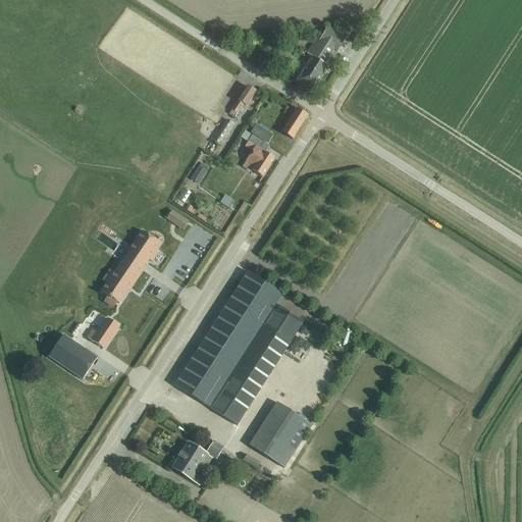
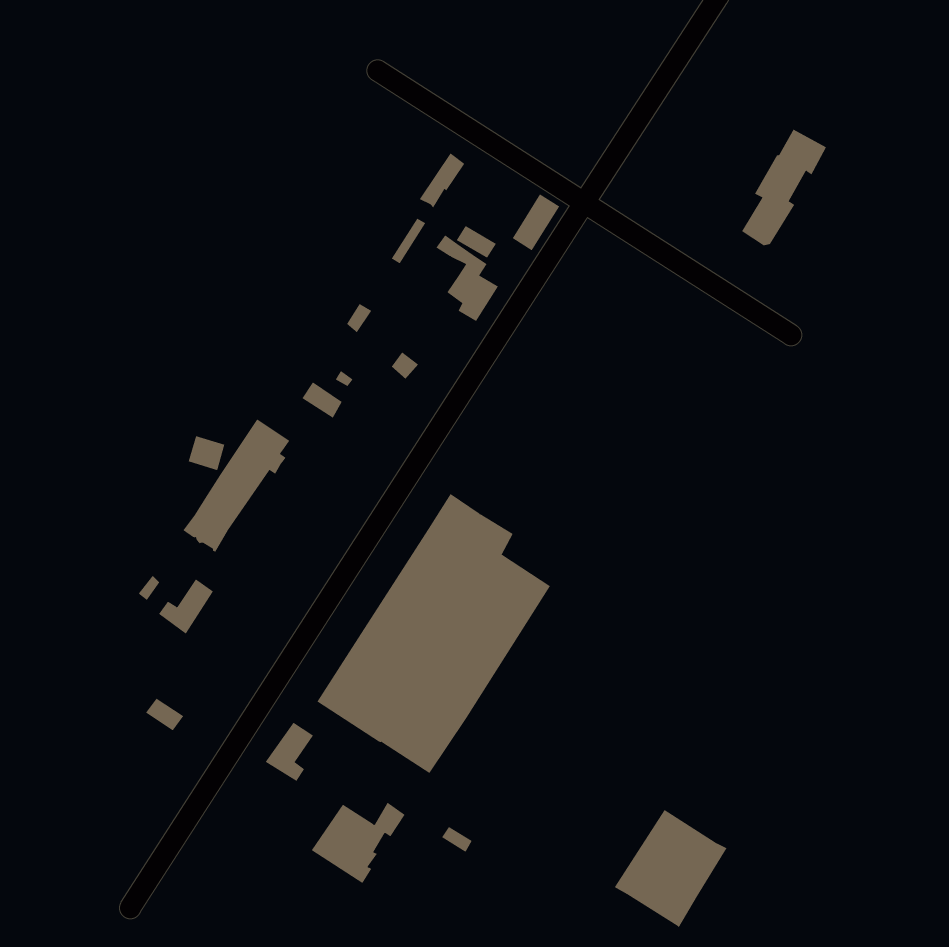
building: [297,23,344,88] -> [741,129,827,246]
building: [47,333,96,378] -> none
building: none -> [265,722,314,782]
building: [248,402,310,467] -> [614,809,727,928]

